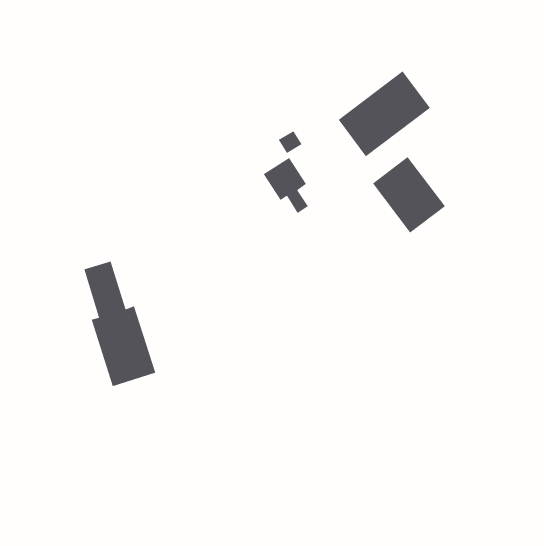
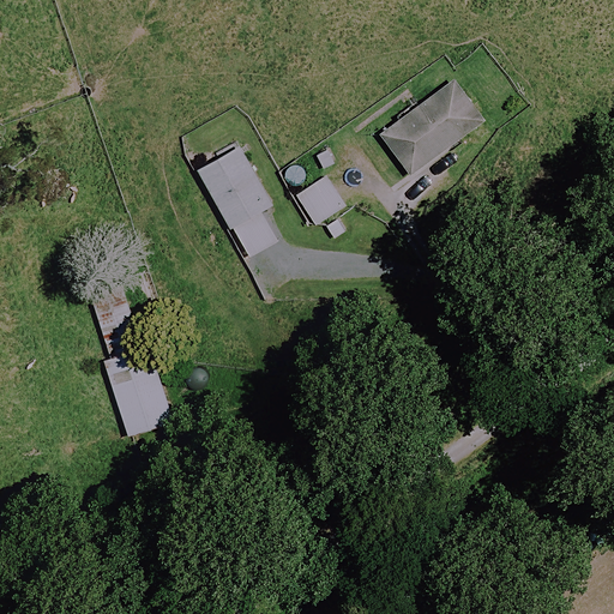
building: none -> [198,148,277,258]
building: [372,156,446,234] -> none

